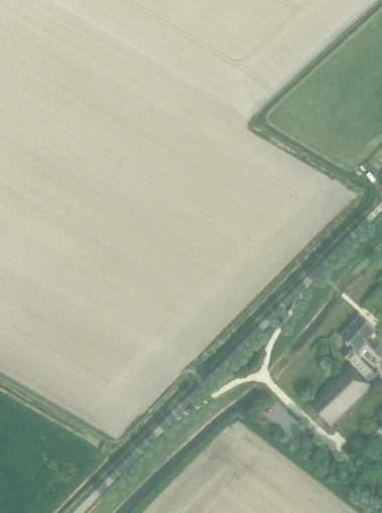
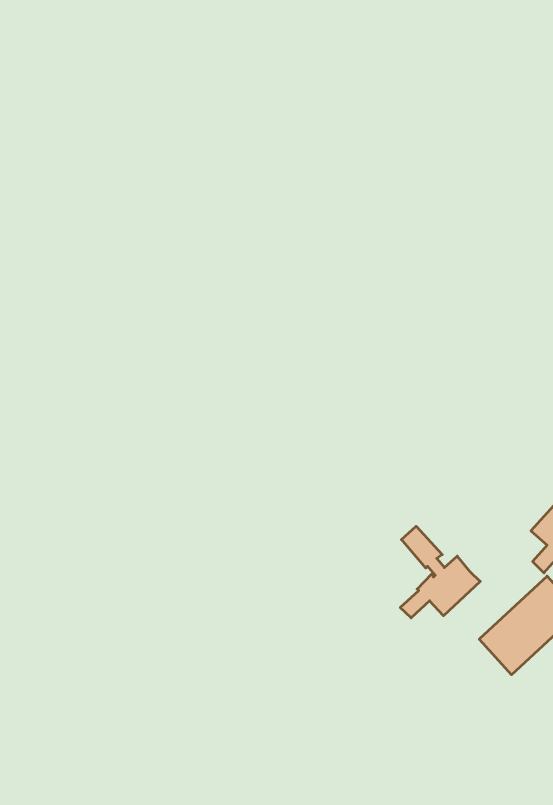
building: none -> [400,526,480,618]

